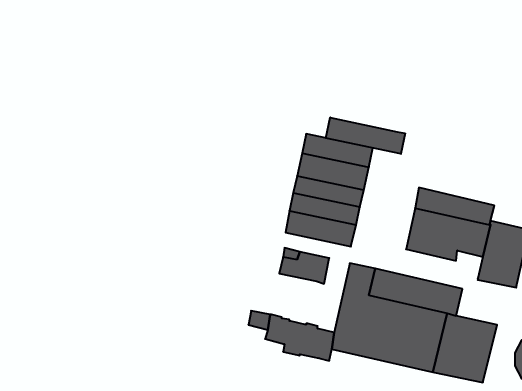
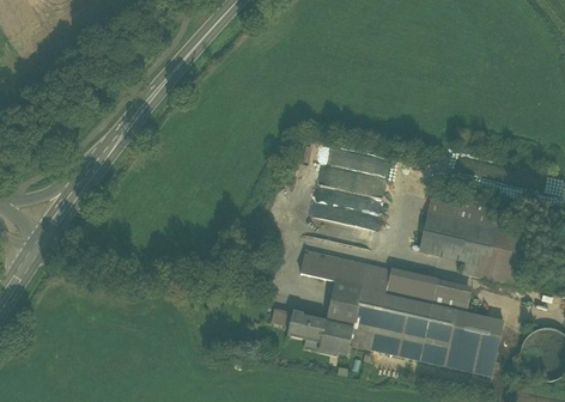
building: [326,117,405,154] -> none
building: none -> [462,251,491,278]
building: none -> [327,258,366,328]

